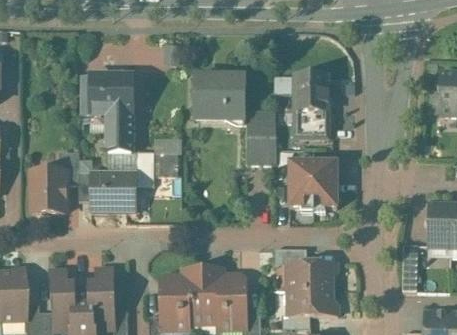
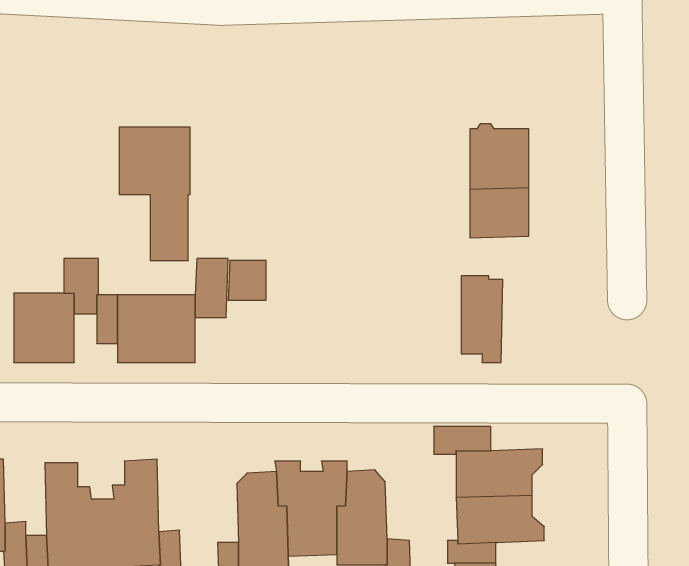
building: [194,75,276,165] -> none
building: [312,161,336,211] -> none

